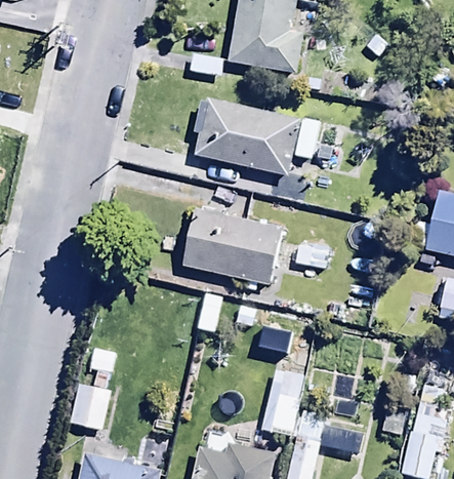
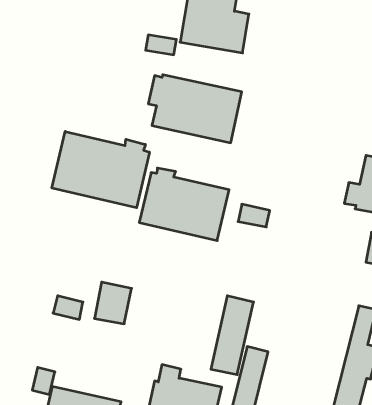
building: none -> [52,131,149,208]
building: [69,383,111,430] -> [94,282,132,324]

